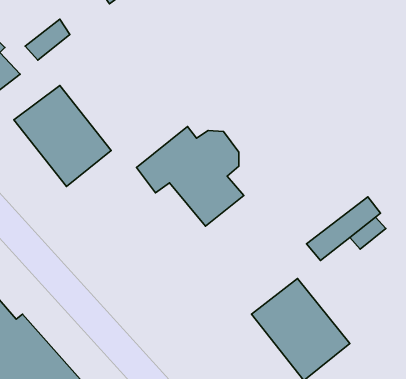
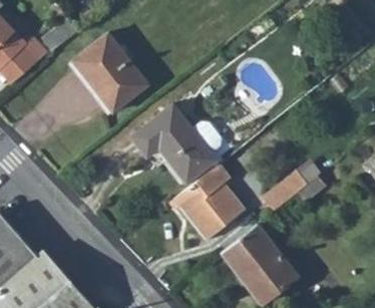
building: [14,86,111,186] -> [71,32,147,111]
building: none -> [174,161,247,239]

